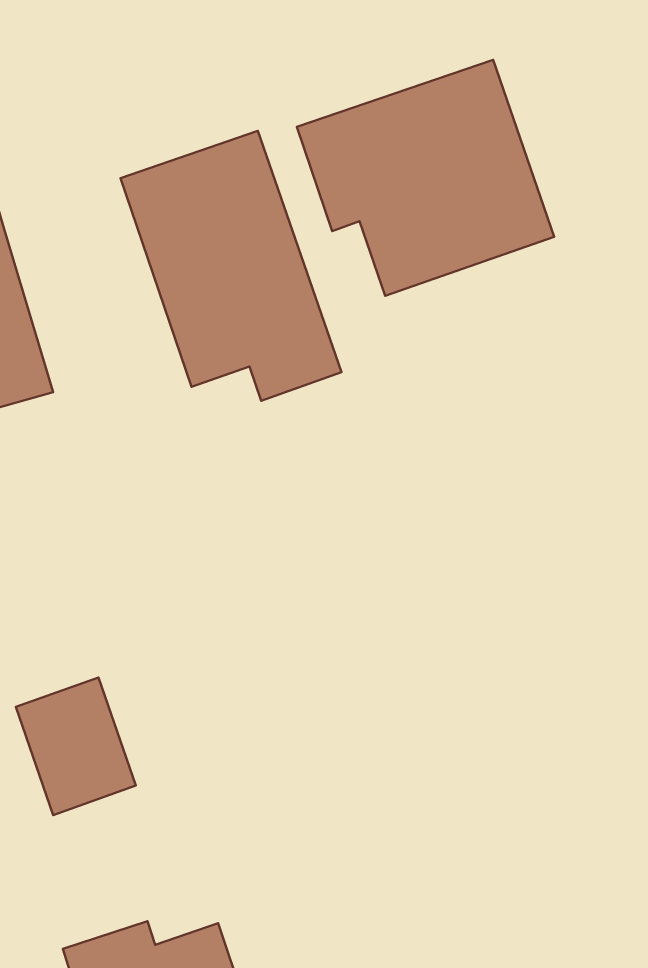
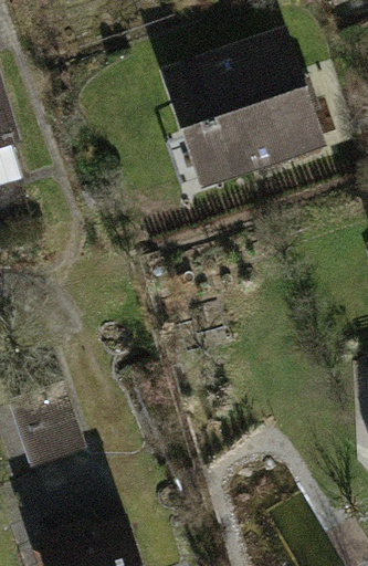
building: [120,131,342,401] -> none

